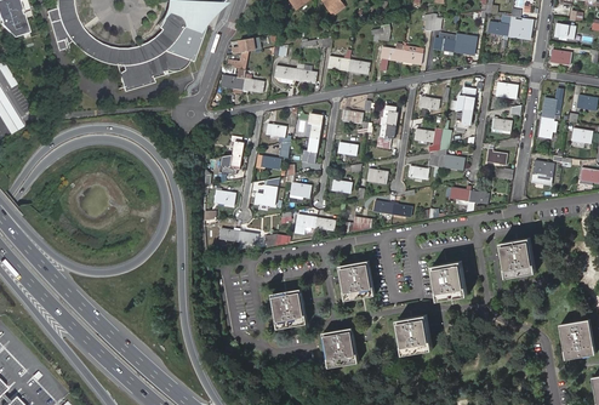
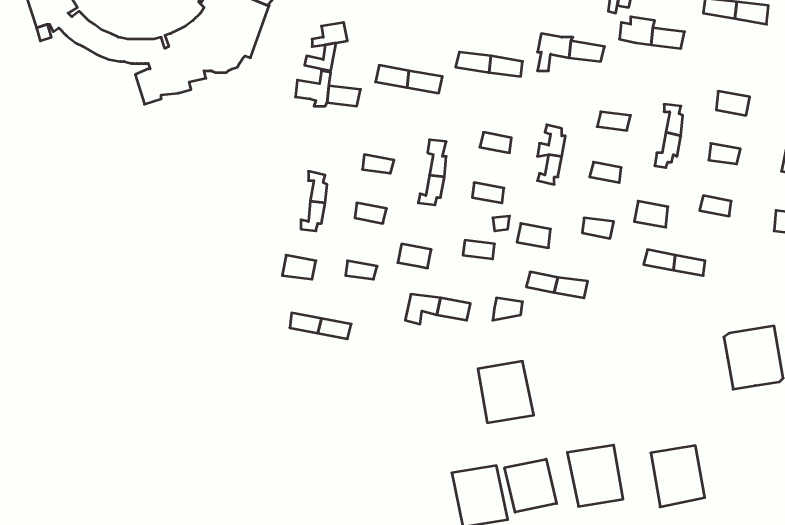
building: [435,258,470,298] -> [651,446,705,507]
building: [273,287,308,327] -> none
building: none -> [505,459,557,512]

